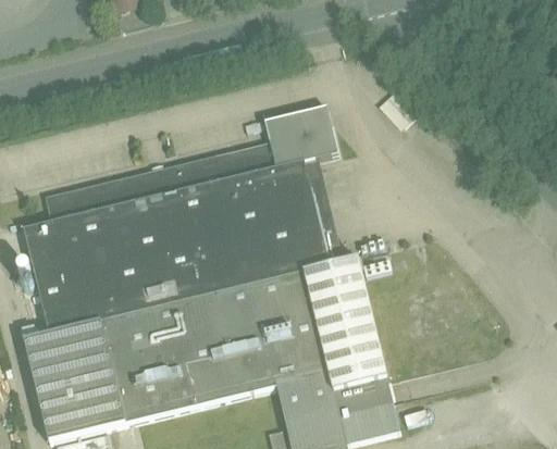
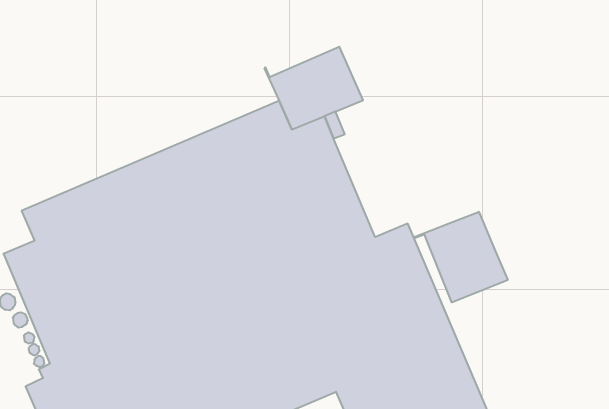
building: none -> [414,212,508,302]

